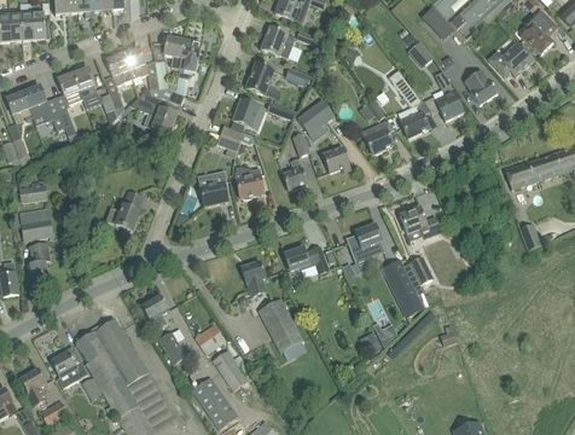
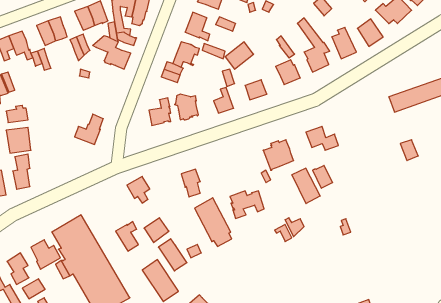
building: [284,246,327,282] -> [230,191,264,218]
building: [140,294,169,327] -> [127,176,150,203]

